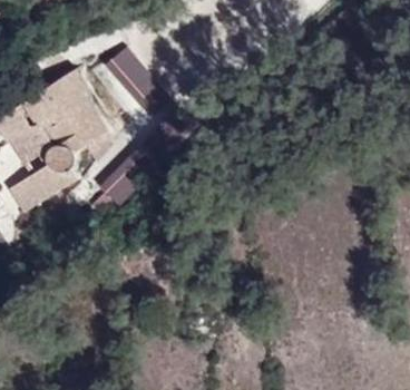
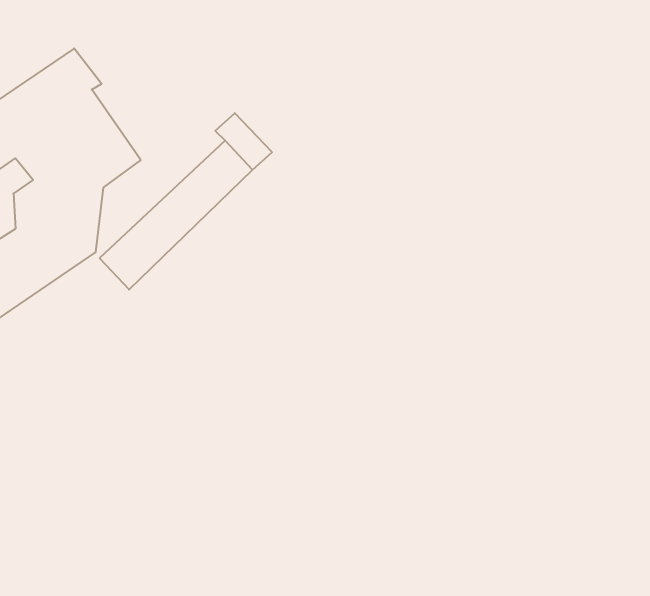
building: [101,48,163,118] -> none

